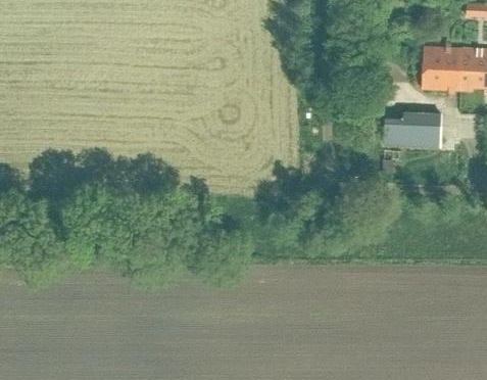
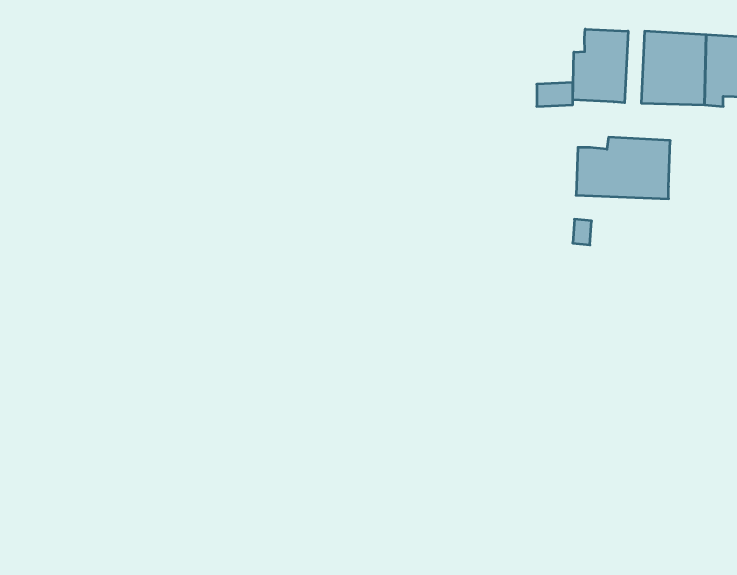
building: none -> [573,29,628,103]

